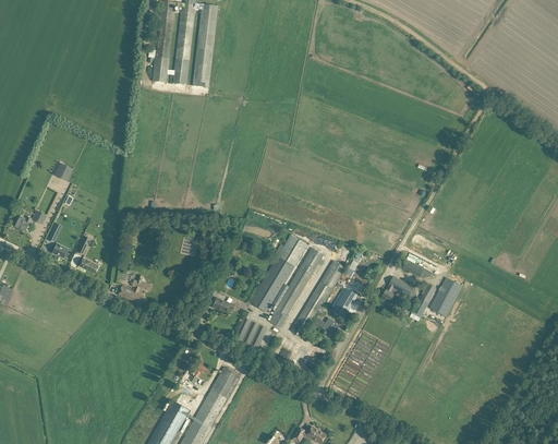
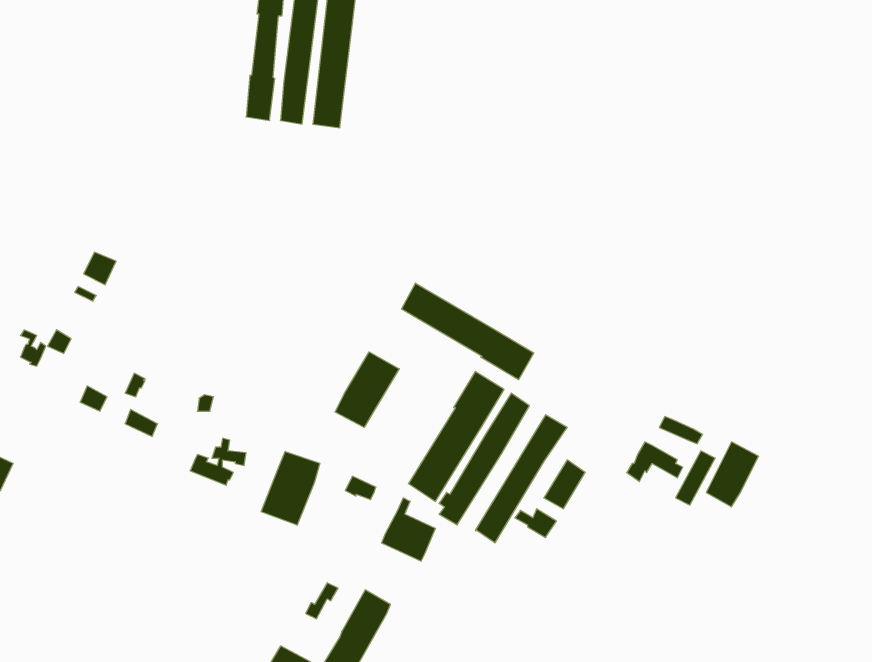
building: none -> [402,283,534,380]
building: none -> [335,352,399,427]
building: none -> [261,451,320,525]

